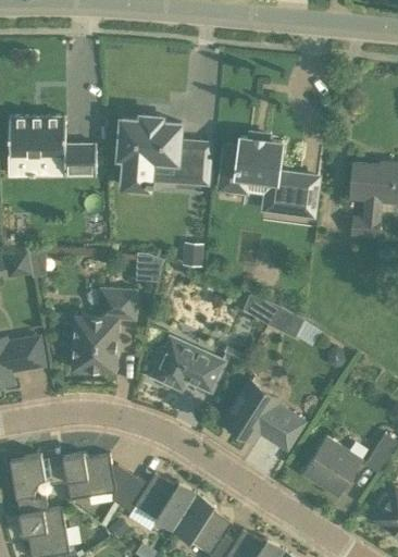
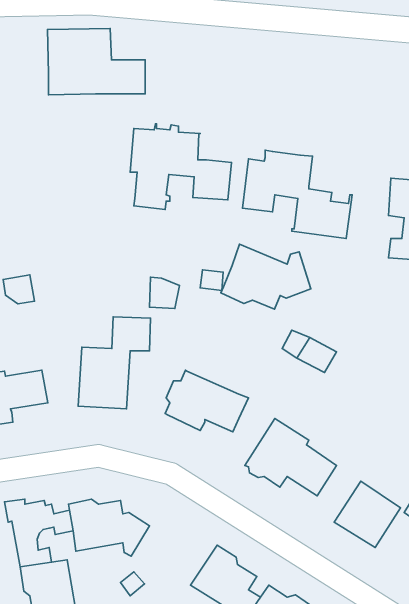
building: [9,116,97,176] -> [47,28,145,95]
building: none -> [221,244,311,309]
building: [120,473,197,531] -> none

